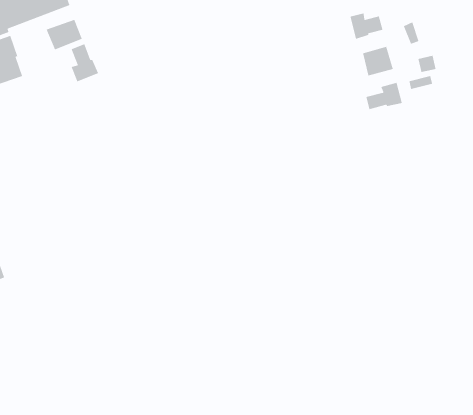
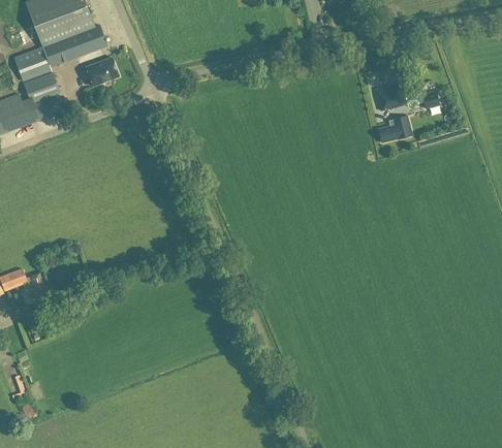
building: [350,13,384,40] -> none
building: [70,43,99,83] -> none

